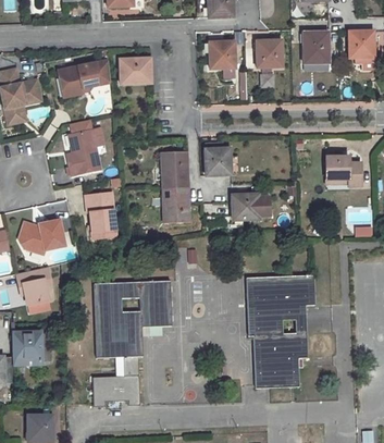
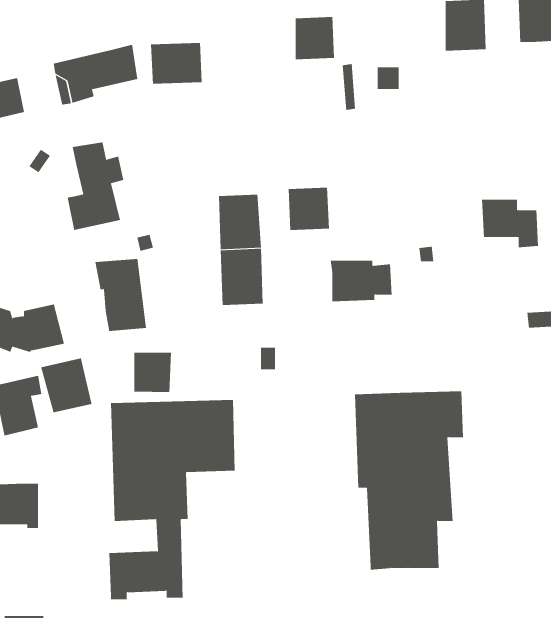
building: [256,40,282,67] -> none
building: none -> [134,352,172,393]
building: none -> [41,357,92,413]

